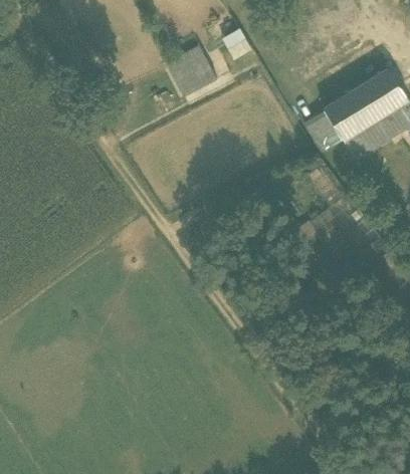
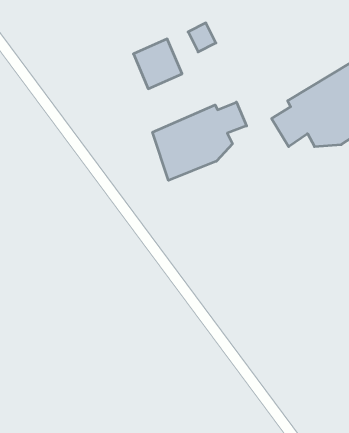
building: none -> [153,102,247,180]

